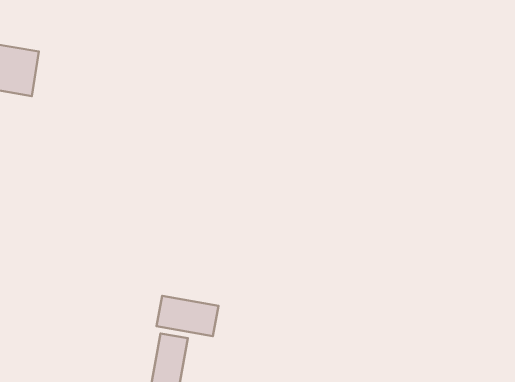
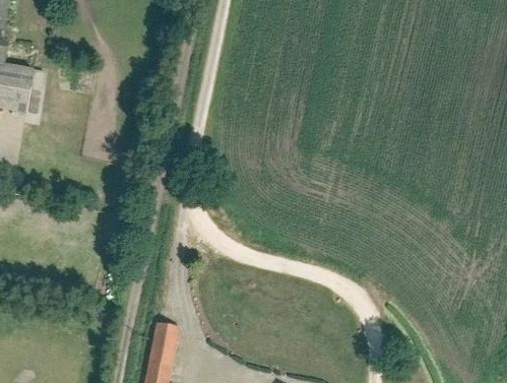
building: [157,296,218,336] -> none

